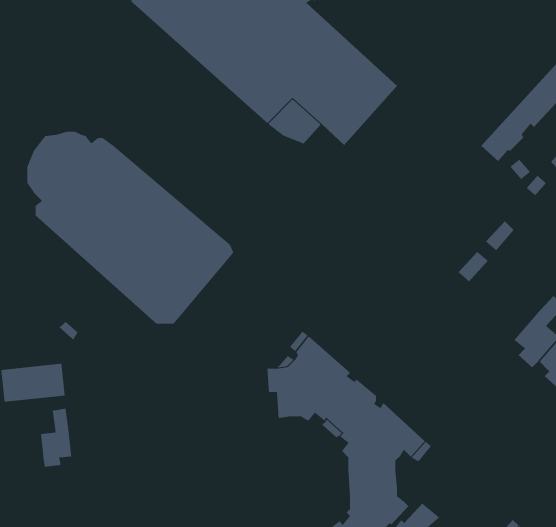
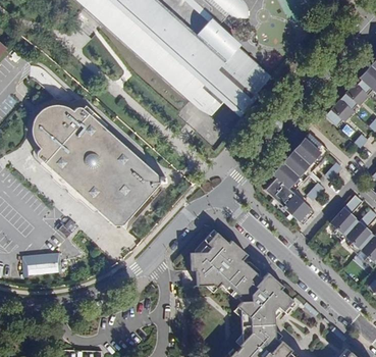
building: none -> [264,132,329,224]
building: none -> [329,194,362,240]
building: [40,408,72,467] -> none

